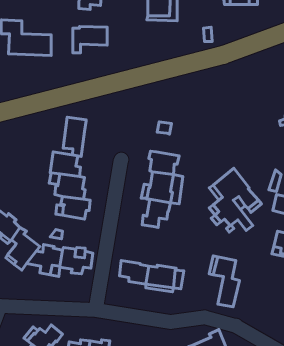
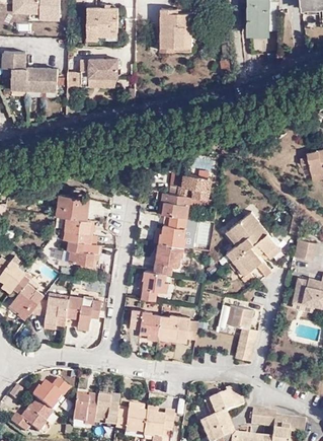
building: [63,117,86,156] -> none
building: none -> [169,174,211,200]
building: none -> [141,271,169,301]

